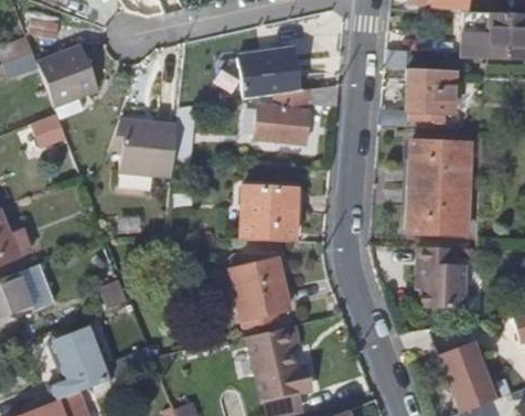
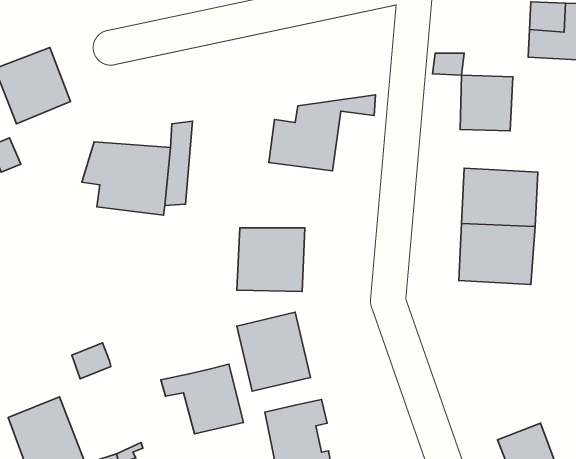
building: [238,47,303,97] -> none
building: [425,246,473,312] -> none
building: none -> [161,364,243,434]

